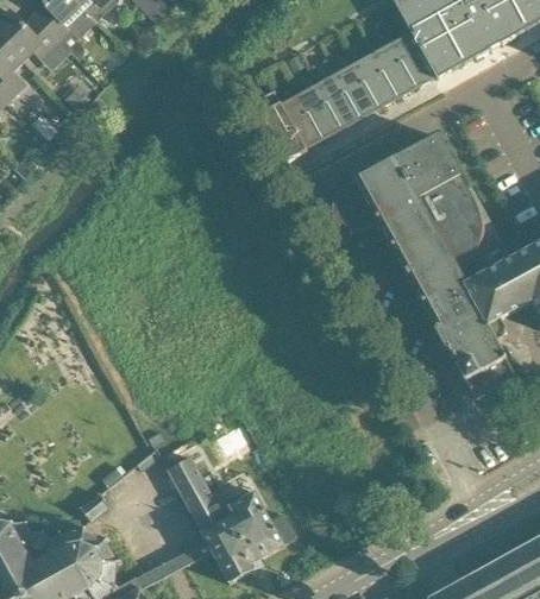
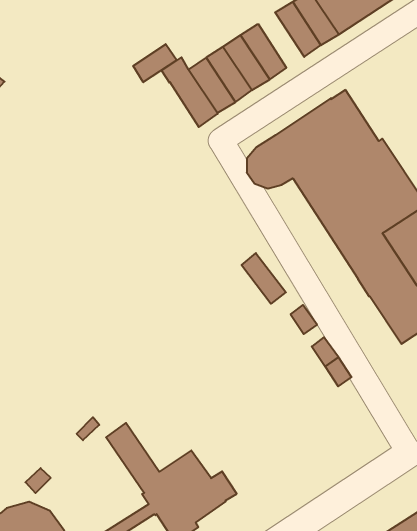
building: [353,50,398,107] -> none
building: none -> [133,44,177,82]
building: none -> [242,253,286,304]

